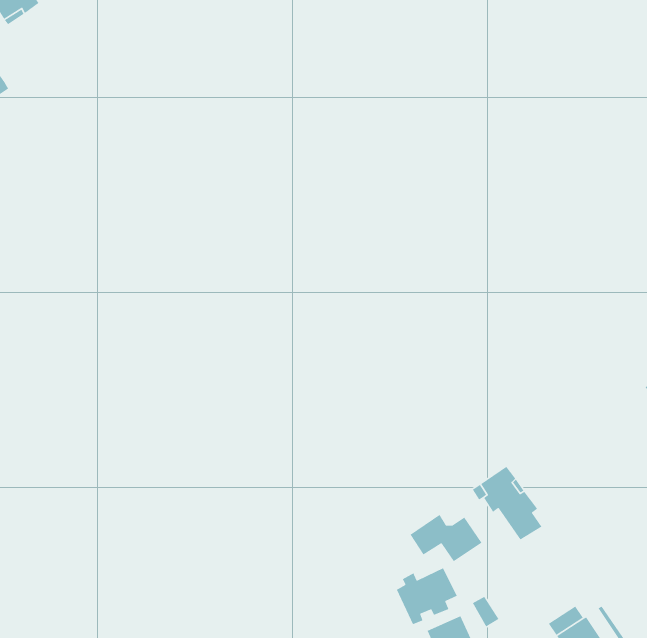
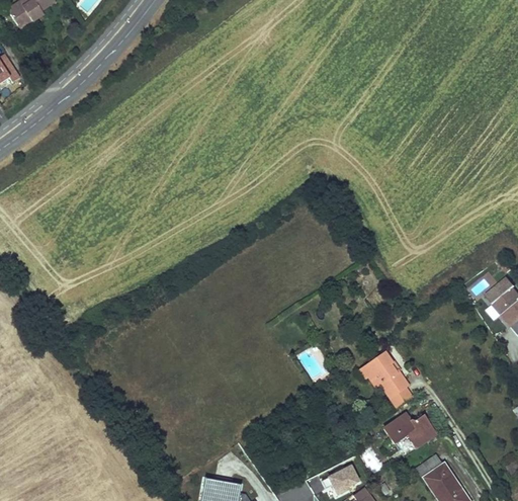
building: [409,514,483,562] -> [383,413,437,448]
building: [396,567,458,625] -> none

